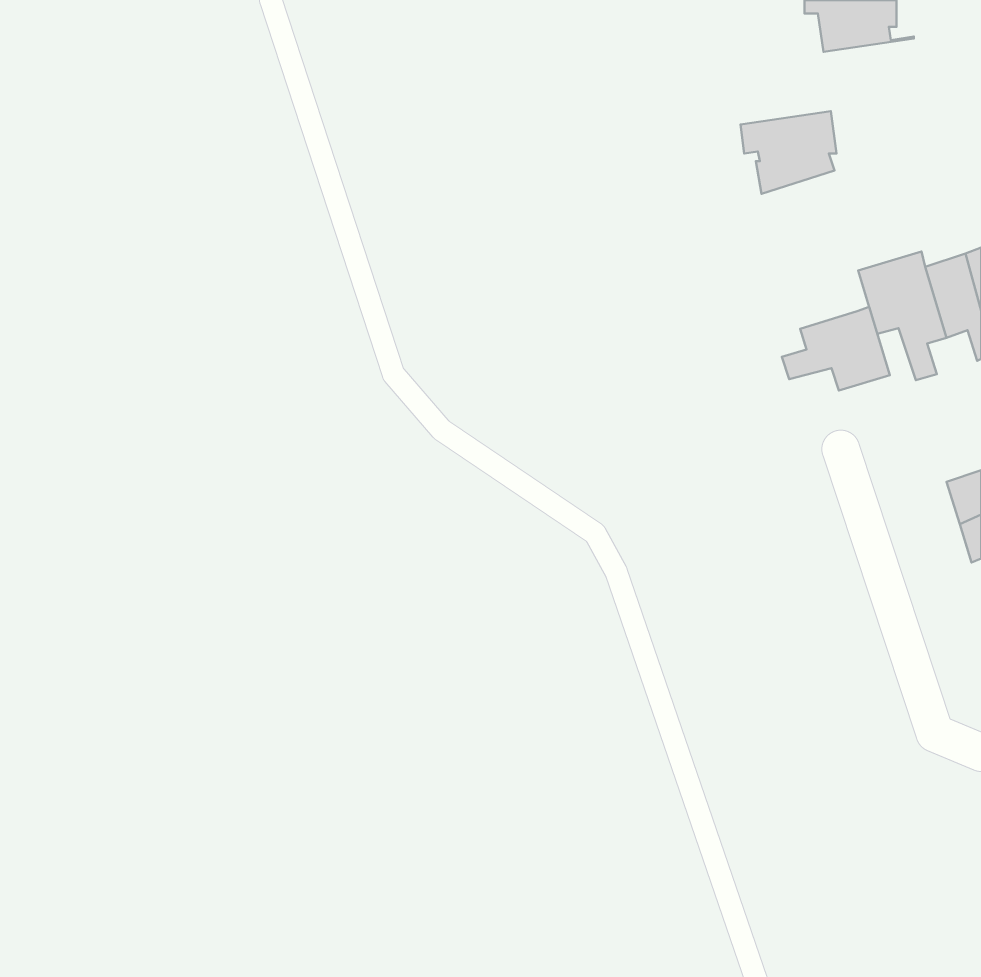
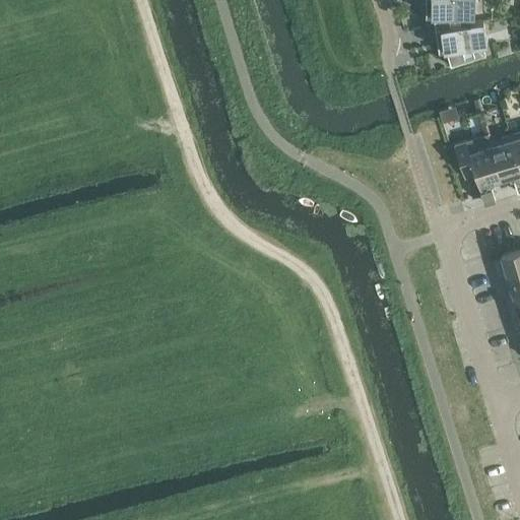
building: [740,111,836,194] -> [436,22,486,66]
building: [782,307,890,391] -> none

